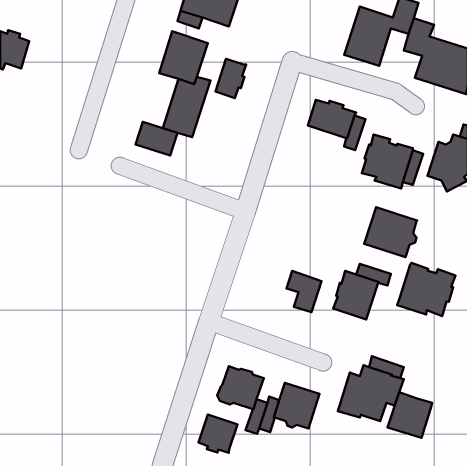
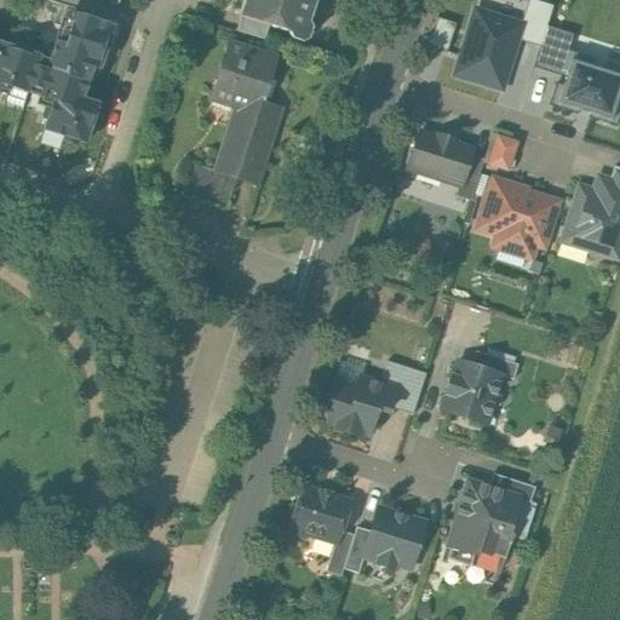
building: none -> [39,12,113,143]
building: [215,59,246,98] -> none
building: none -> [488,130,523,168]
building: [364,207,417,257] -> none
building: [397,263,455,316] -> none
building: none -> [328,375,396,434]
building: [388,392,432,438] -> none
building: [199,415,237,453] -> none

